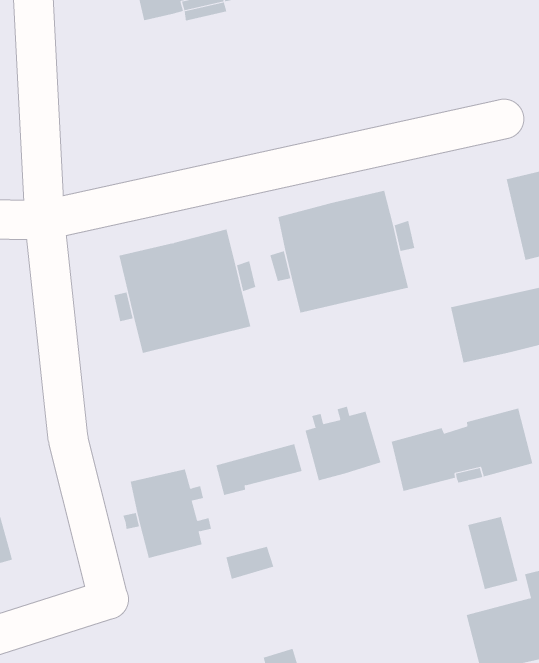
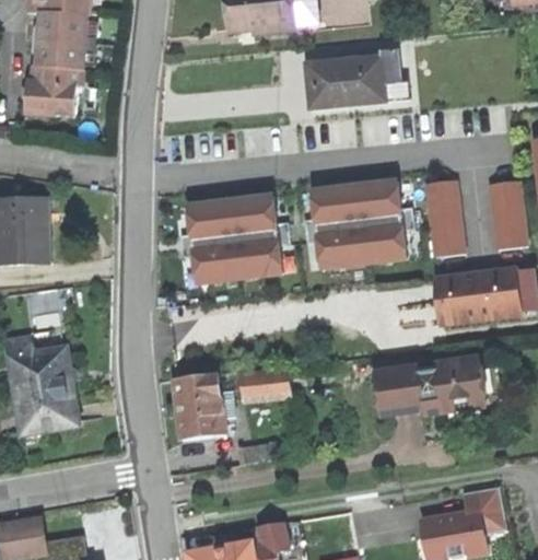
building: none -> [304,48,401,106]
building: none -> [424,180,464,256]
building: [305,406,381,481] -> none
building: [468,516,518,590] -> none

